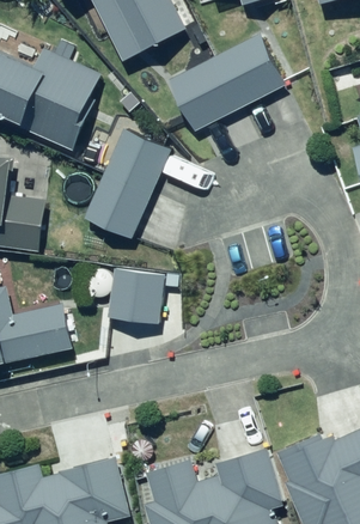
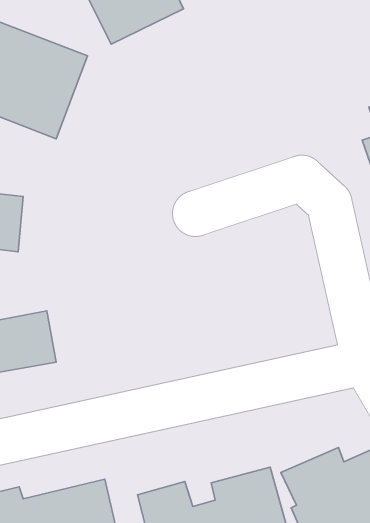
building: [170,36,287,130] -> none
building: [85,129,170,236] -> none
building: [110,268,163,325] -> none

